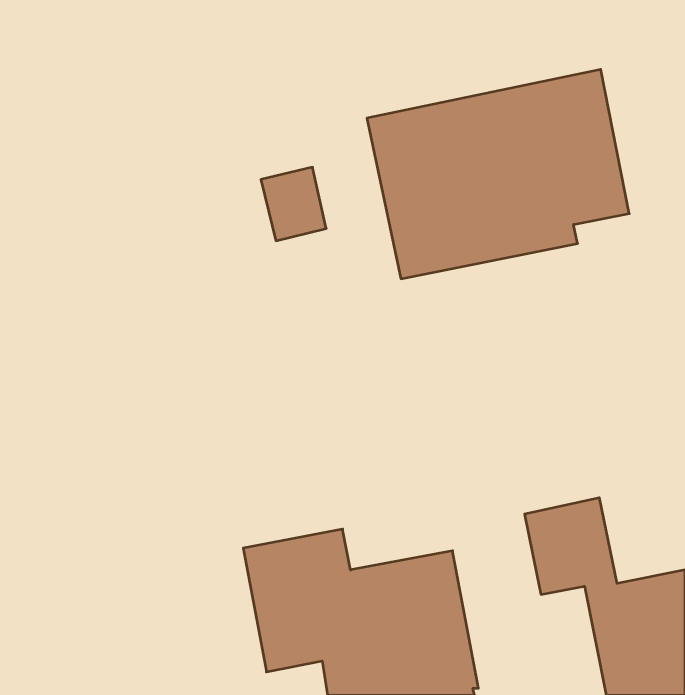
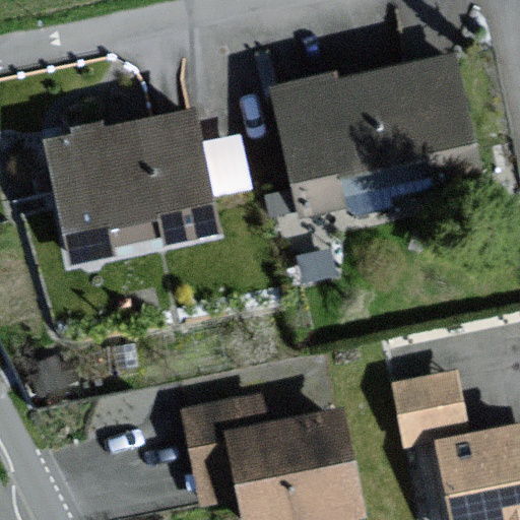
building: none -> [47,113,216,257]

